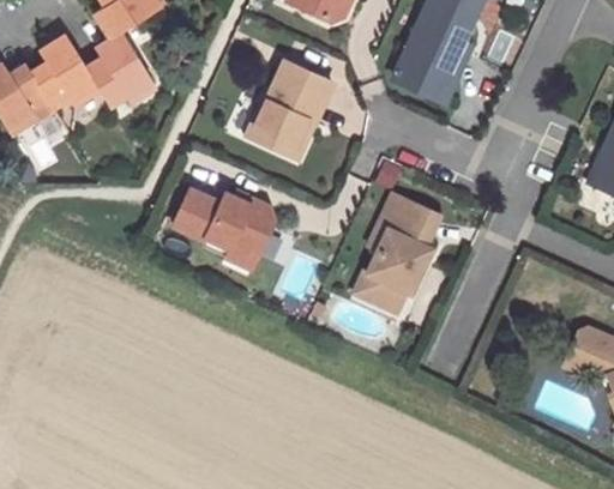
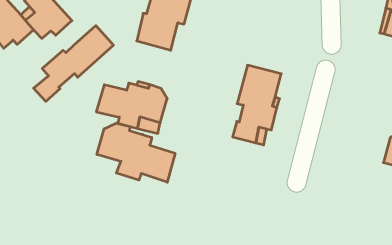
building: none -> [34,26,113,101]
building: none -> [97,123,175,182]

